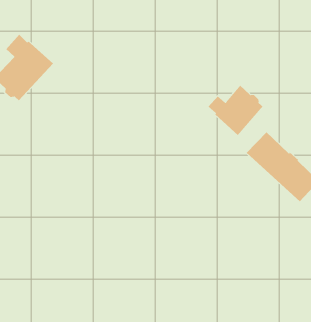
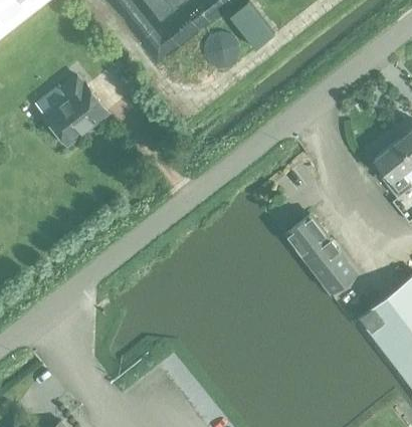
building: [207,85,263,136] -> none

